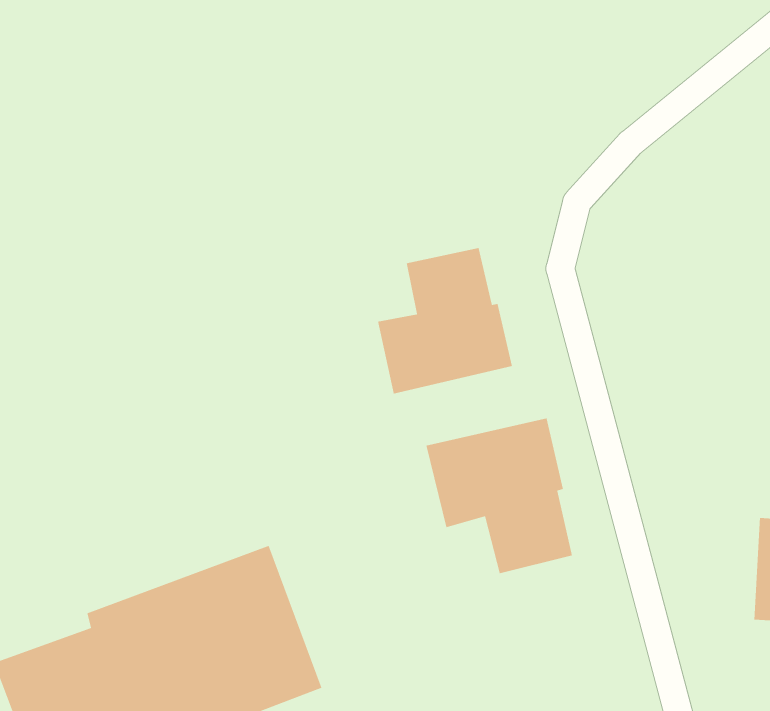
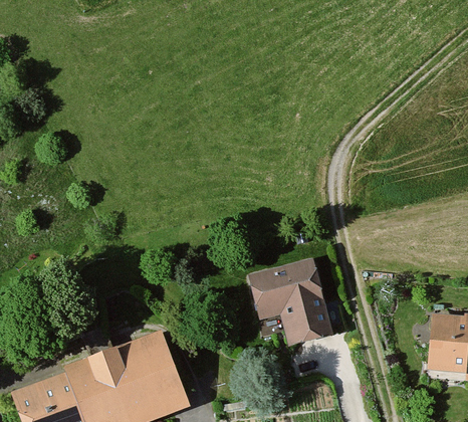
building: [377,247,513,395] -> none

